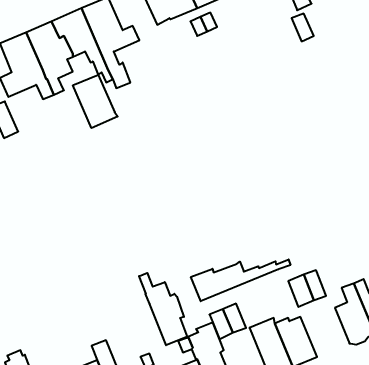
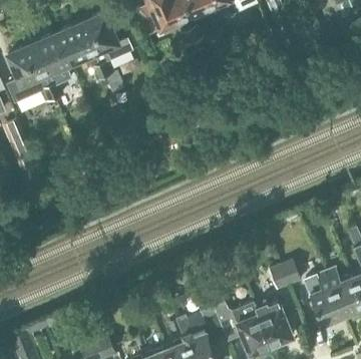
building: [73,75,118,128] -> none
building: [191,259,290,301] -> none
building: [139,273,187,345] -> none

